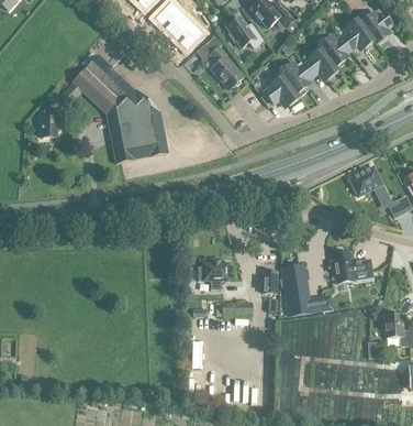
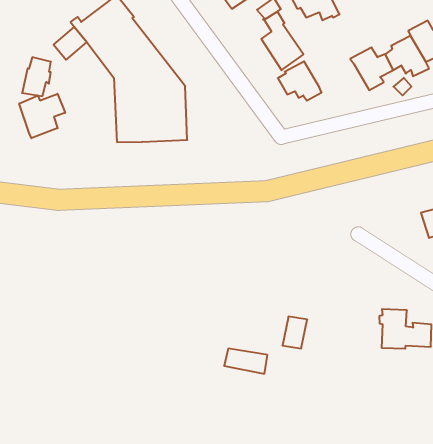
building: [265,76,299,105] -> [278,61,322,101]
building: none -> [19,94,65,138]
building: [198,260,230,290] -> none
building: [282,264,324,316] -> none

